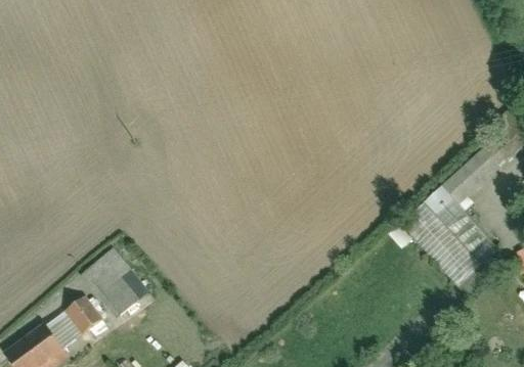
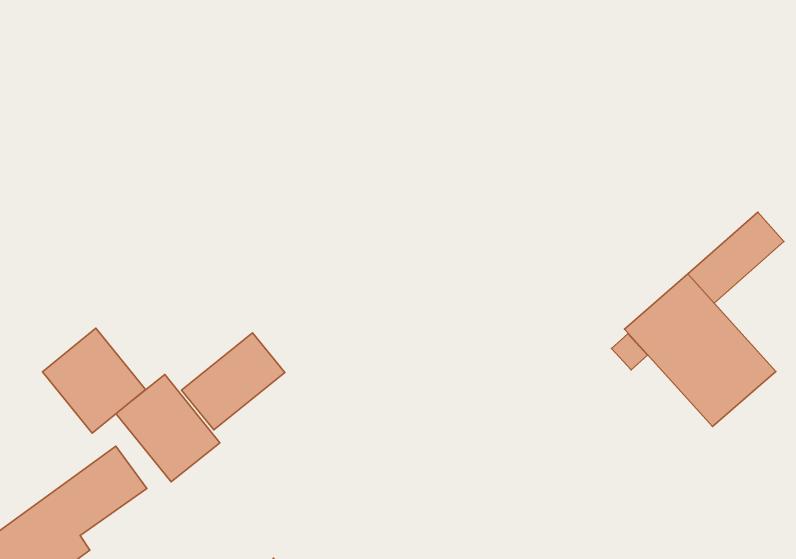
building: none -> [43,328,146,433]
building: none -> [181,333,285,430]

